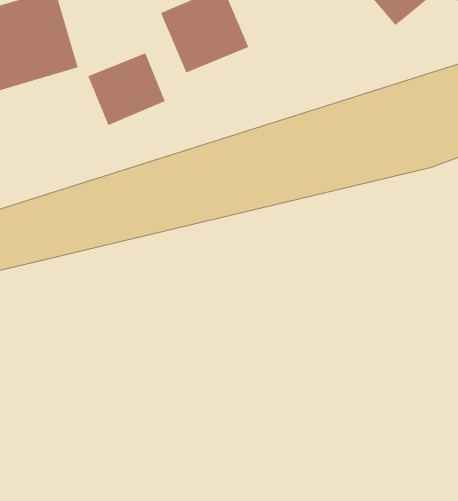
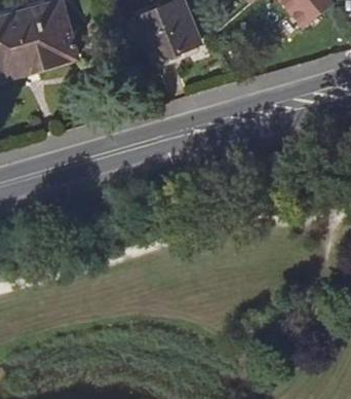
building: [87,52,165,126] -> none

